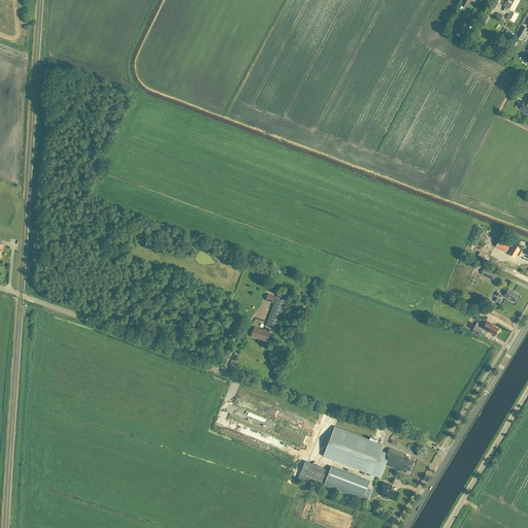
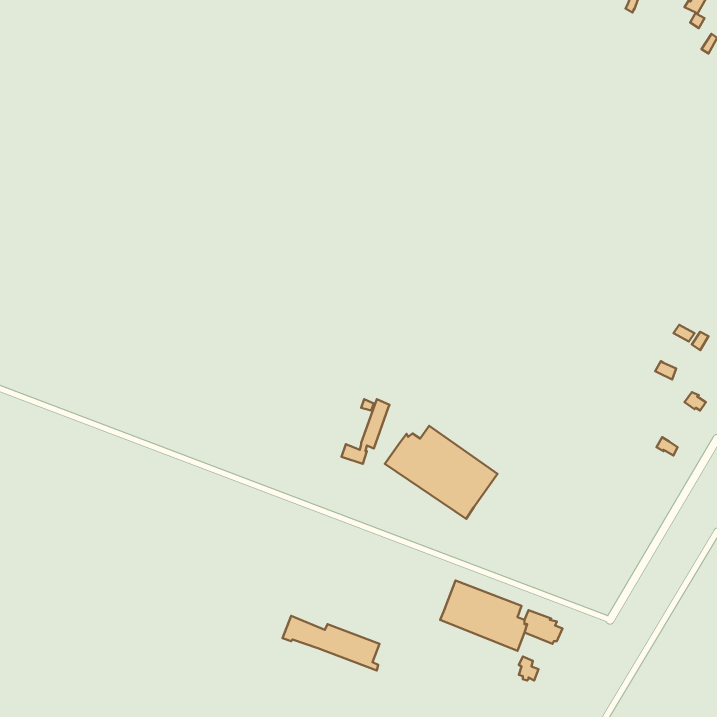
building: none -> [385,426,497,519]
building: [298,461,369,501] -> [283,616,380,671]

